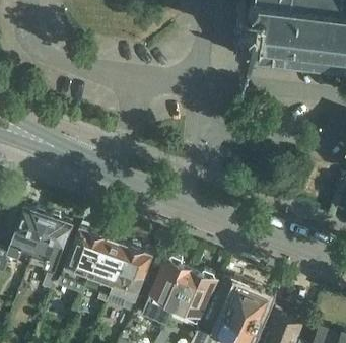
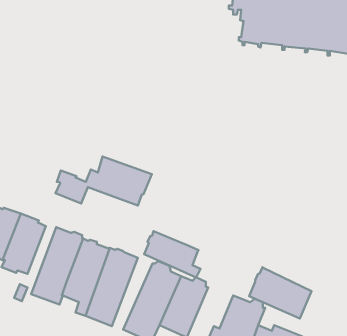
building: none -> [55,157,152,206]
building: none -> [144,231,200,277]
building: none -> [249,267,312,319]

